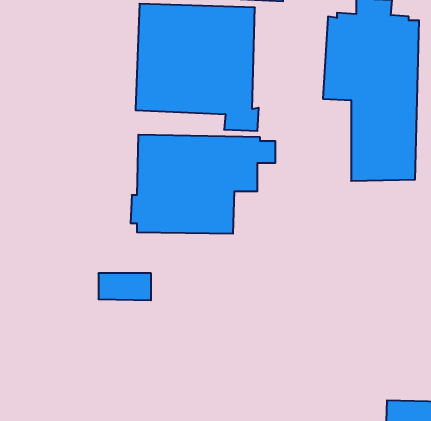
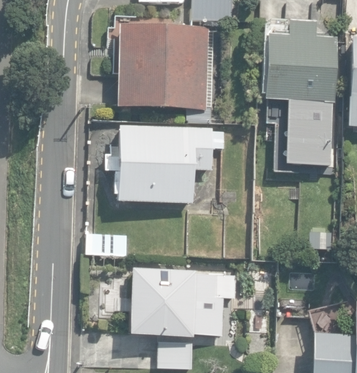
building: none -> [129,267,236,337]

